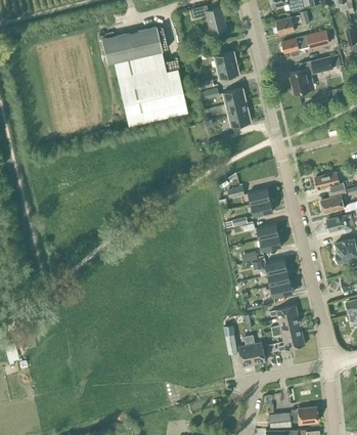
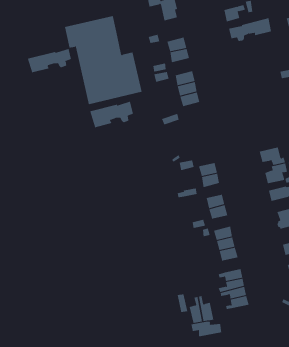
building: [289,54,341,92] -> none
building: none -> [27,48,71,73]
building: none -> [90,101,133,128]
building: none -> [191,321,222,337]

